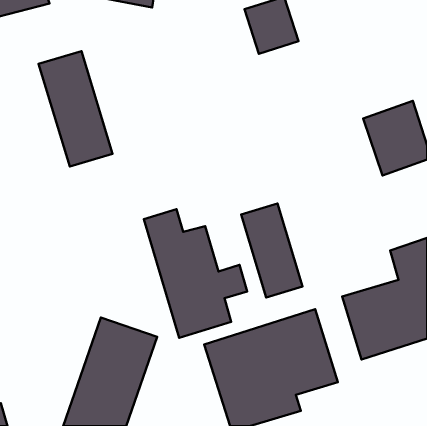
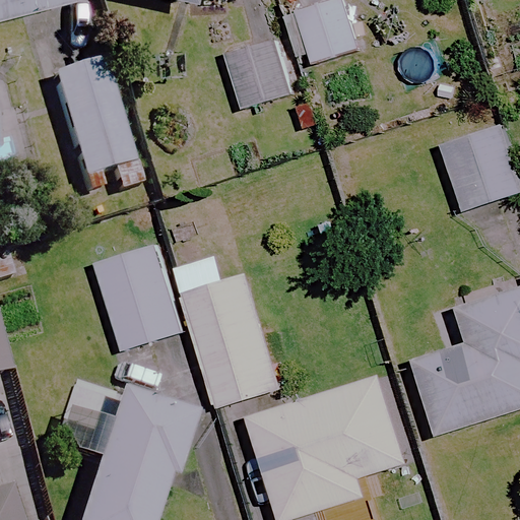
building: none -> [223,39,291,110]
building: none -> [95,242,179,349]
building: [241,203,302,298] -> none

